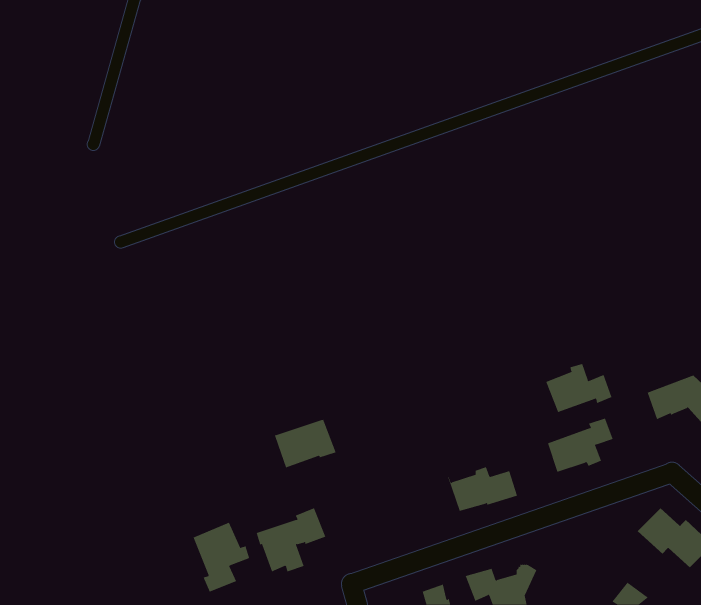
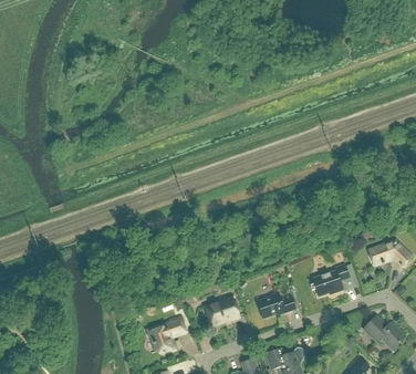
building: [546,363,612,413] -> none
building: [272,411,336,468] -> [204,293,240,325]
building: [193,522,250,592] -> none

